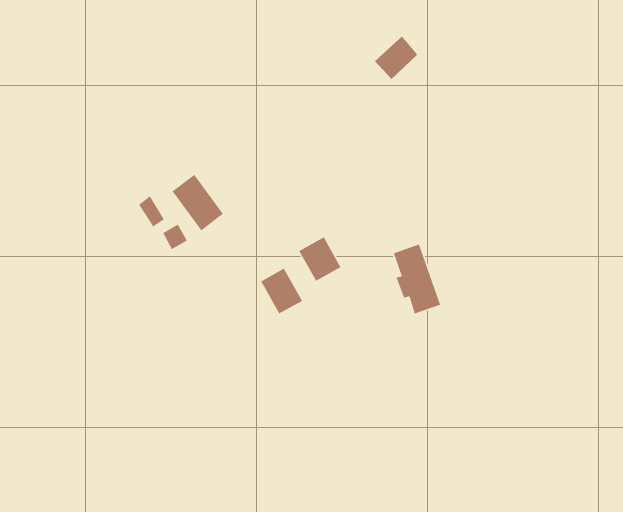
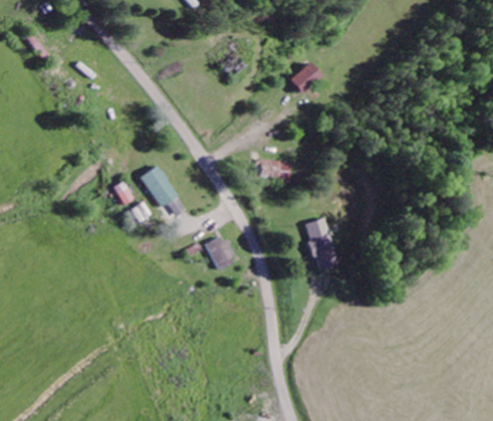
building: none -> [258,160,288,181]
building: [298,236,342,282] -> none

